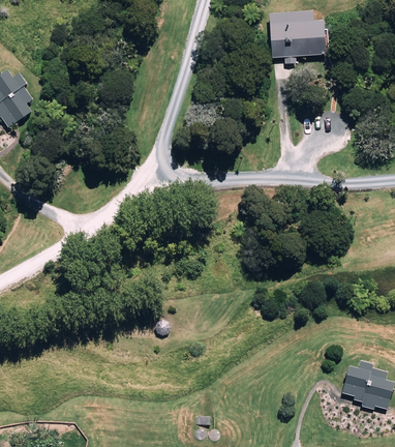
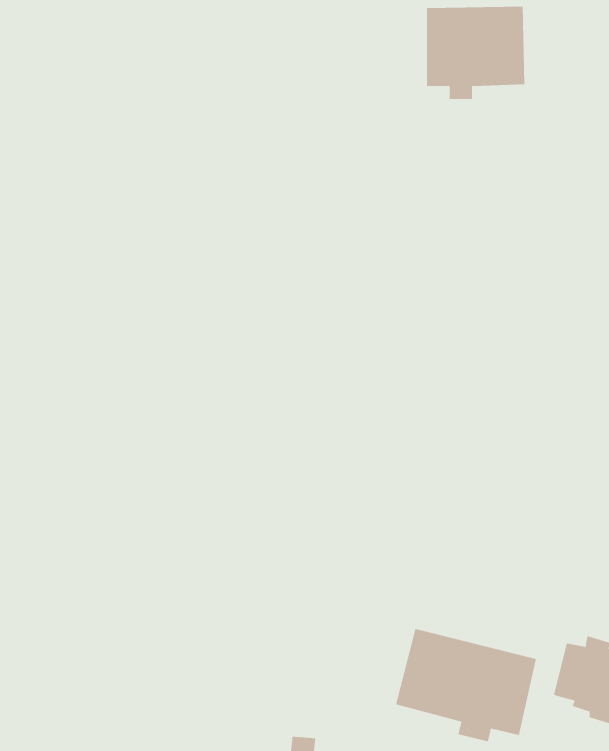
building: none -> [396,628,536,742]

